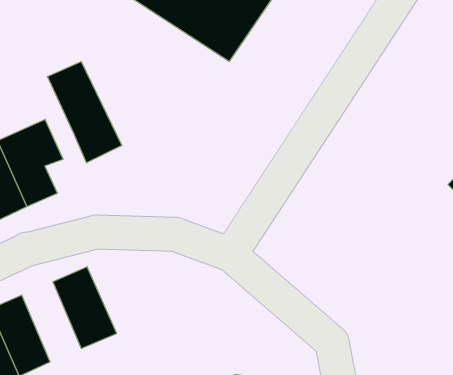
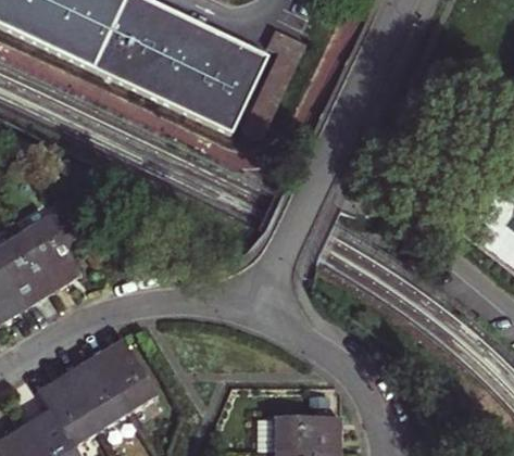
building: [47,62,122,163] -> none
building: none -> [64,357,126,432]

